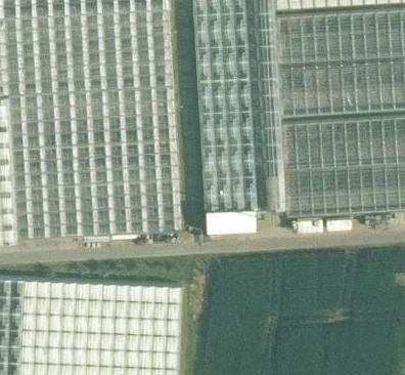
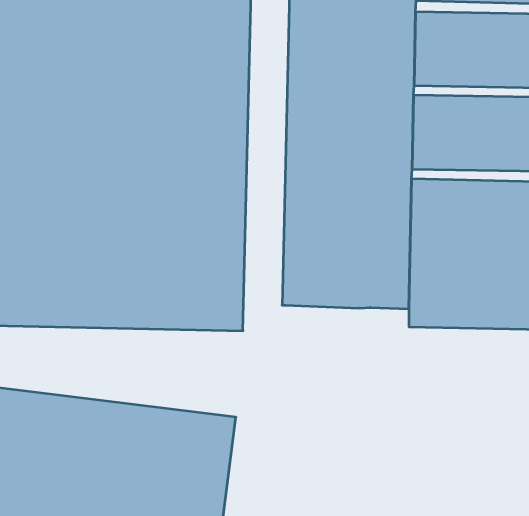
building: [207,208,255,234] -> none

